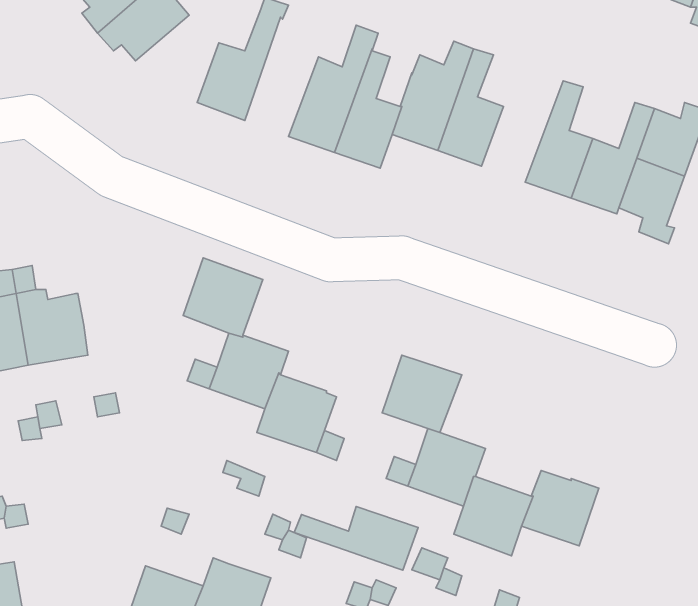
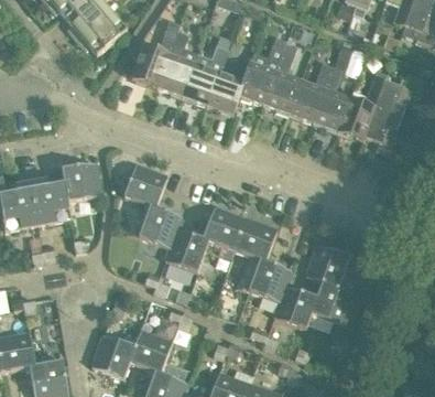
building: none -> [157,30,198,96]
building: none -> [289,61,334,121]
building: none -> [61,161,100,201]
building: none -> [203,206,244,249]
building: none -> [305,243,362,287]
building: [294,507,418,570] -> none

